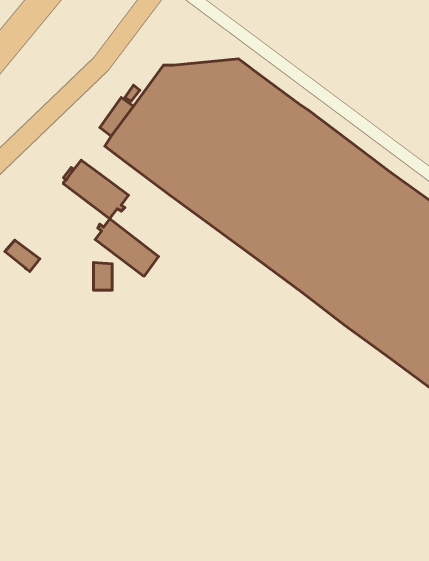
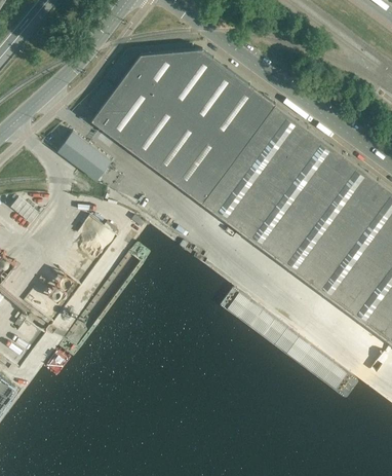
building: [95,219,158,276] -> none

